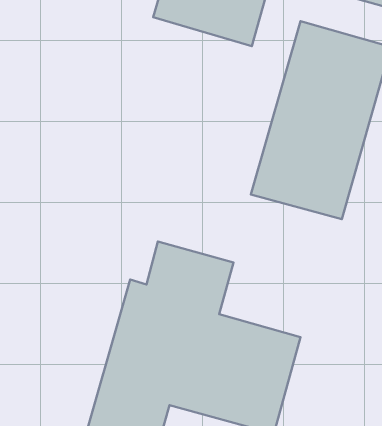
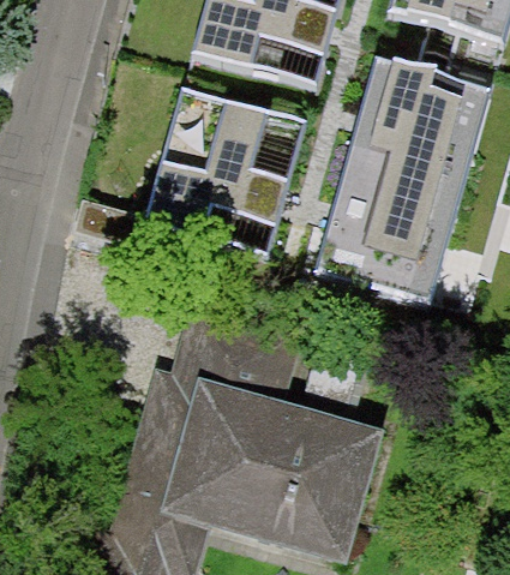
building: none -> [146,77,308,245]

